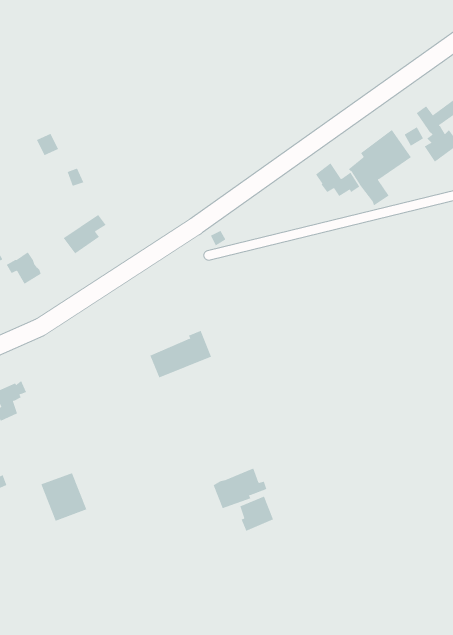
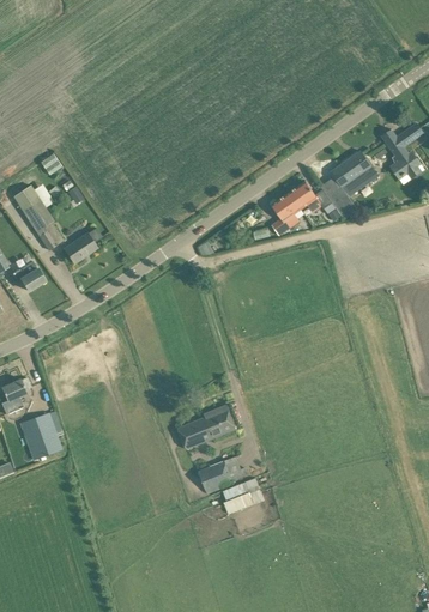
building: none -> [271,190,301,235]
building: none -> [19,194,62,249]
building: [150,330,212,378] -> [177,405,234,448]
building: [41,472,87,521] -> [19,412,61,456]

